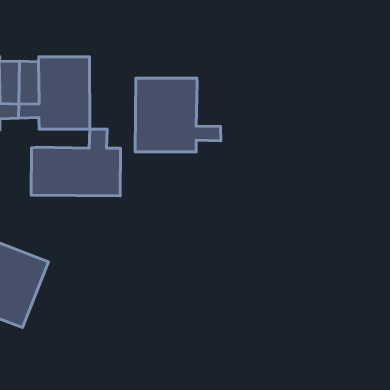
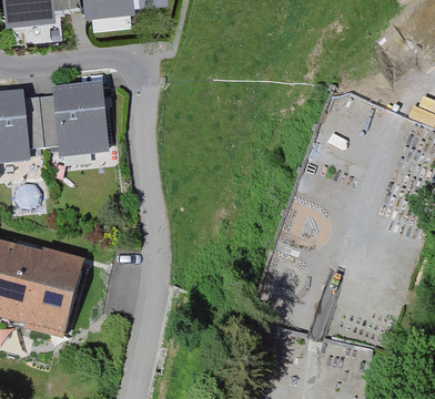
building: [135,78,221,152] -> none
building: [31,129,120,196] -> none

